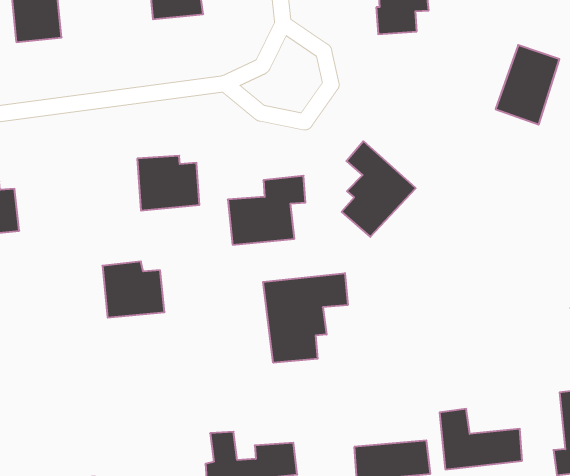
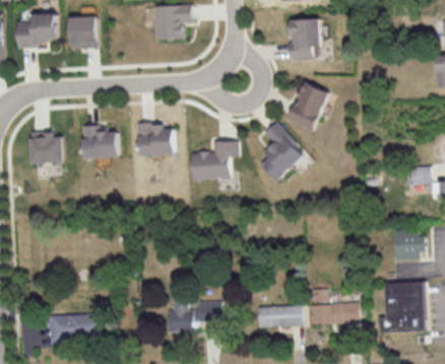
building: [496,45,559,125] -> [288,82,328,131]
building: [102,261,165,318] -> [82,126,118,159]
building: [263,273,348,363] -> none

